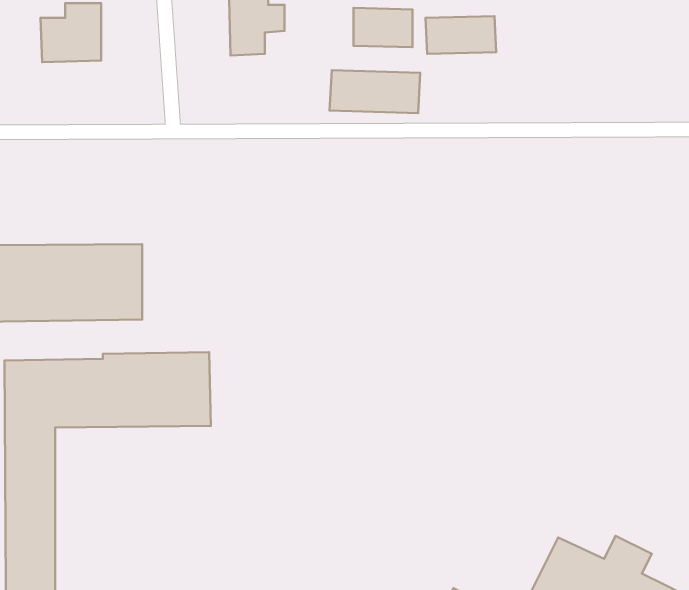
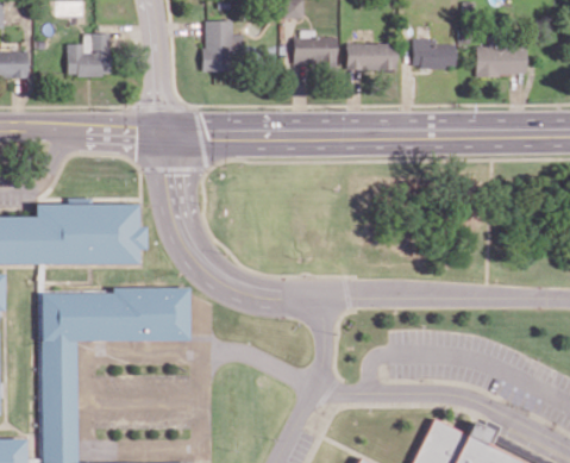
building: none -> [412,38,456,68]
building: none -> [476,45,527,76]
building: [330,70,420,113] -> none

